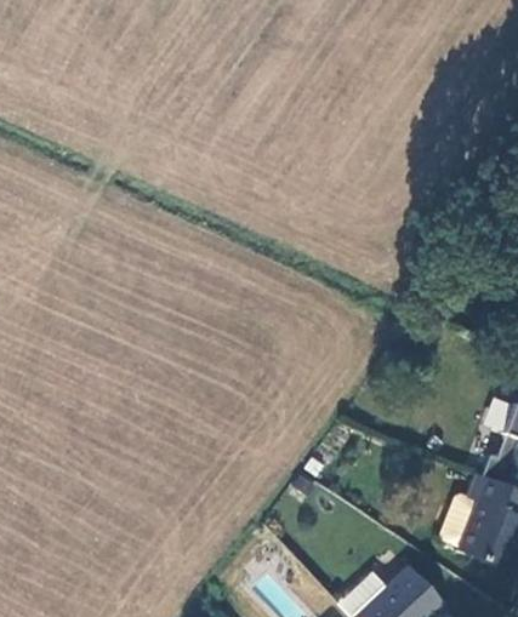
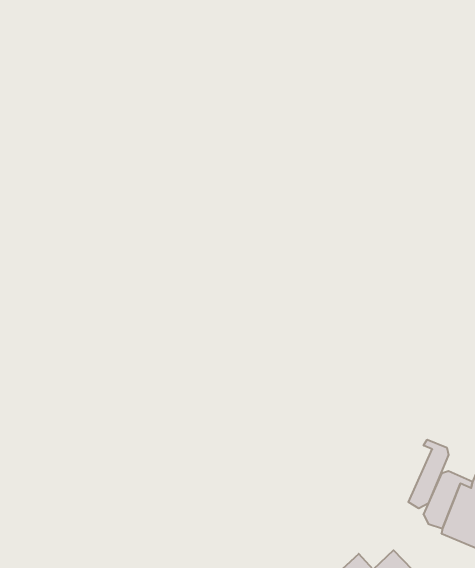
building: none -> [408,440,448,508]

